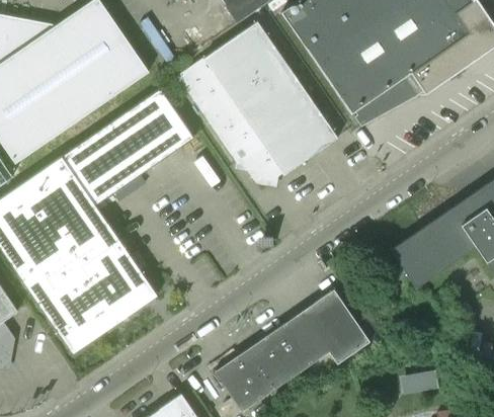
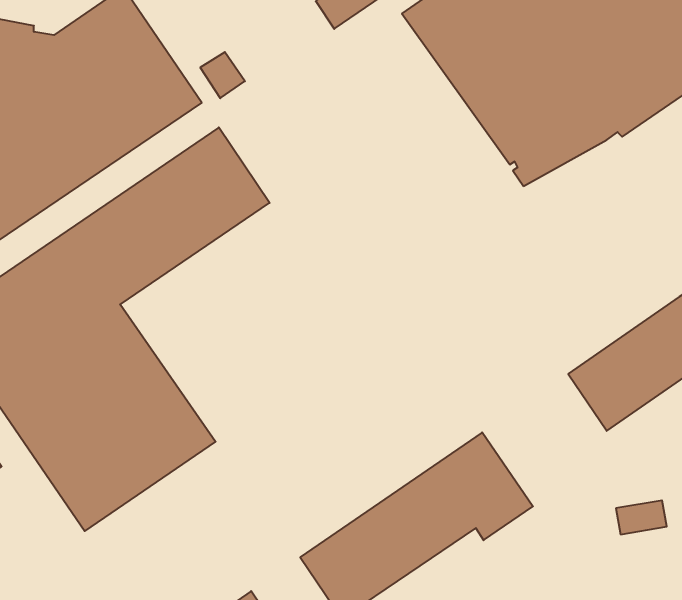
building: [177,21,337,186] -> none
building: [407,370,440,393] -> [616,500,667,534]

